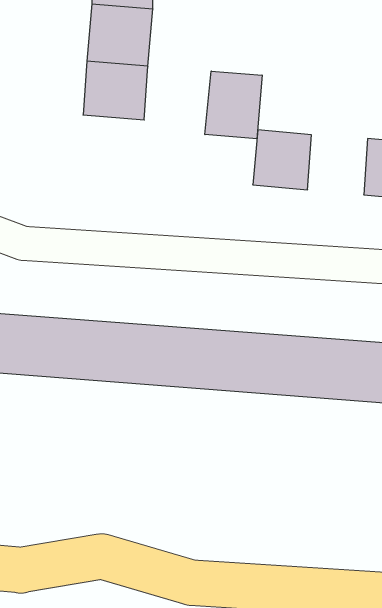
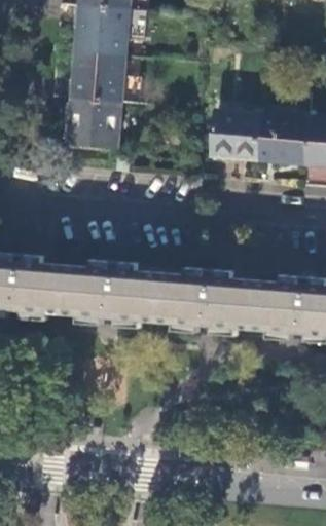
building: [205,71,262,139] -> none
building: none -> [67,99,121,149]
building: none -> [256,115,305,164]

